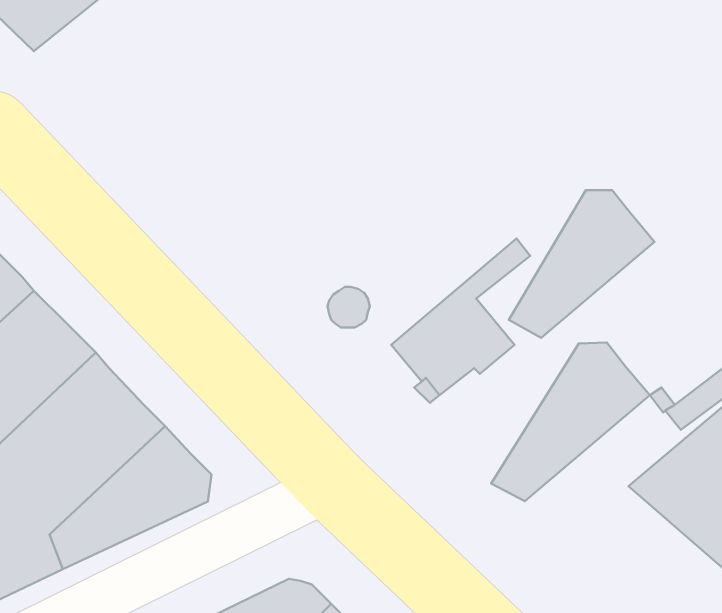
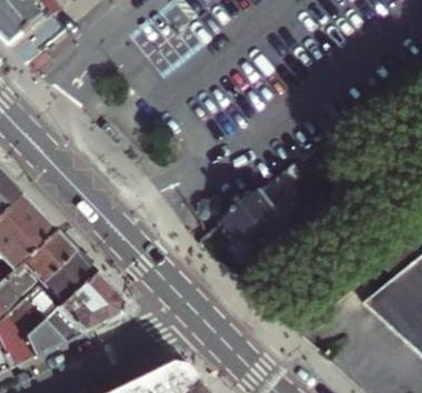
building: [509,190,655,338] -> none
building: [491,343,650,501] -> none

